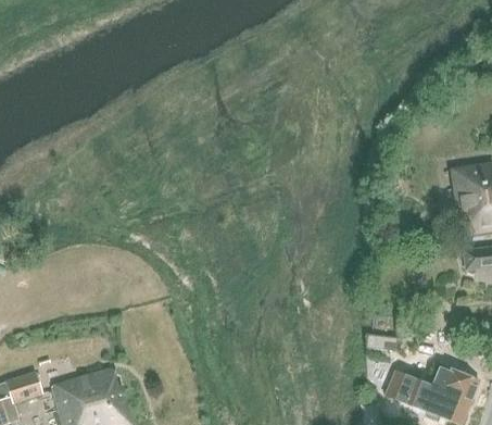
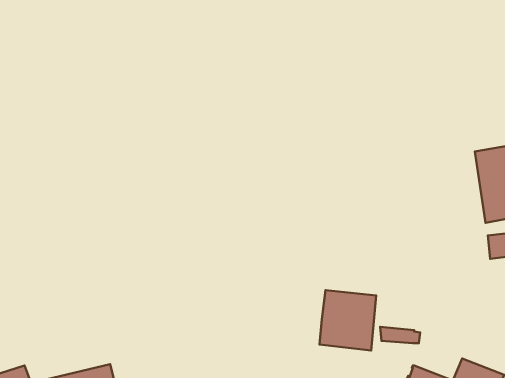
building: none -> [320,290,376,350]

